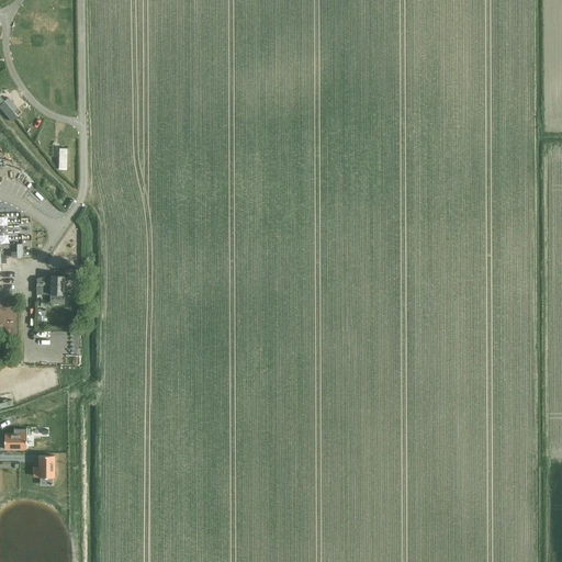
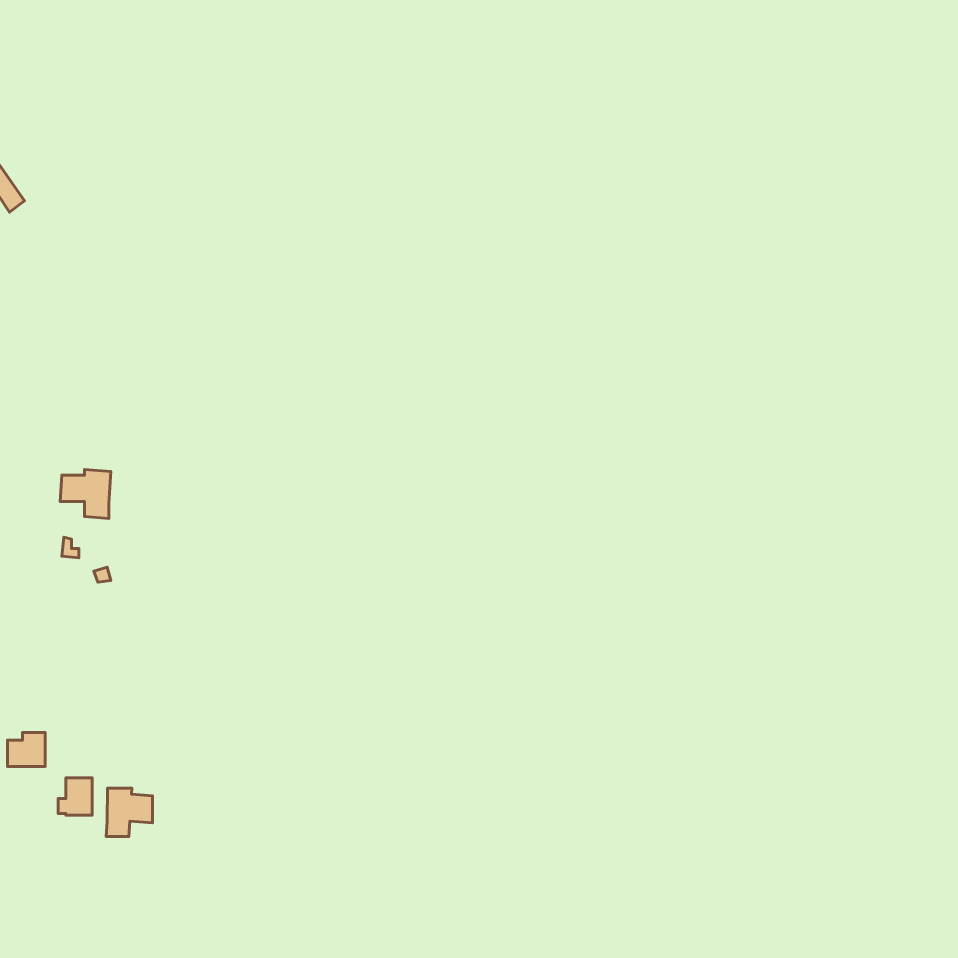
building: none -> [106,788,152,837]

